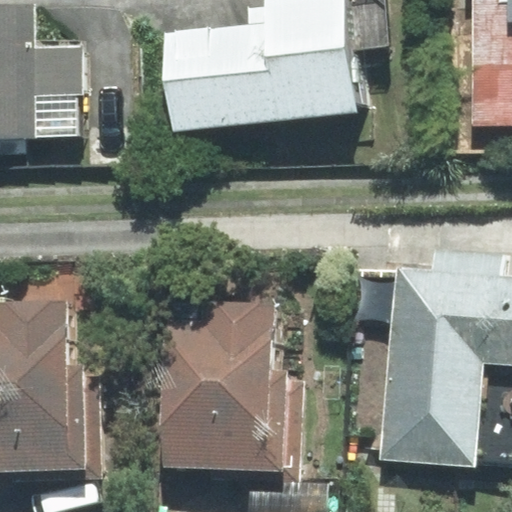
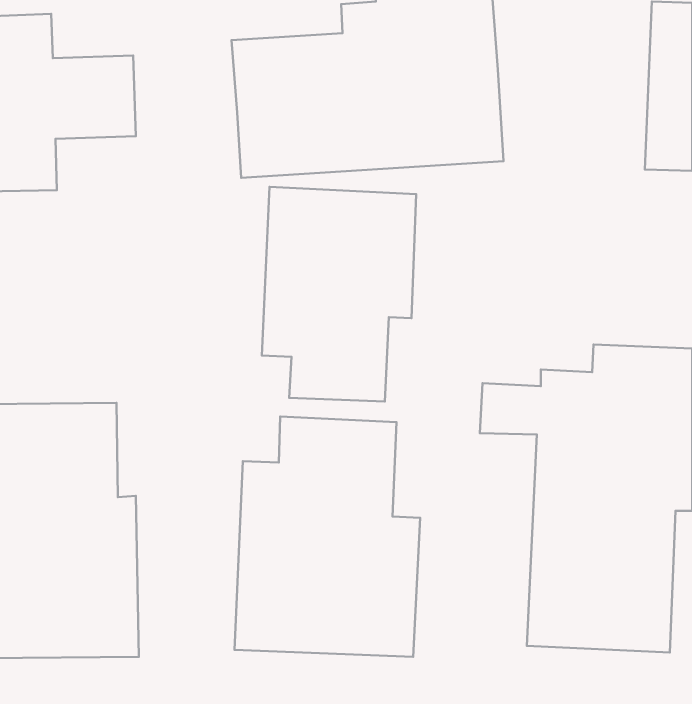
building: none -> [262,187,416,402]

